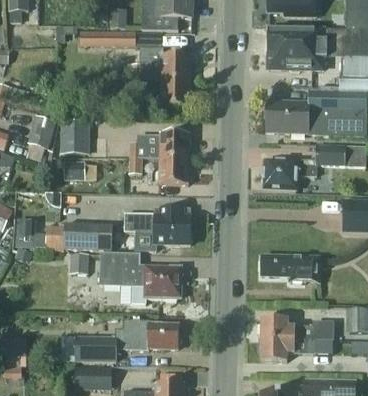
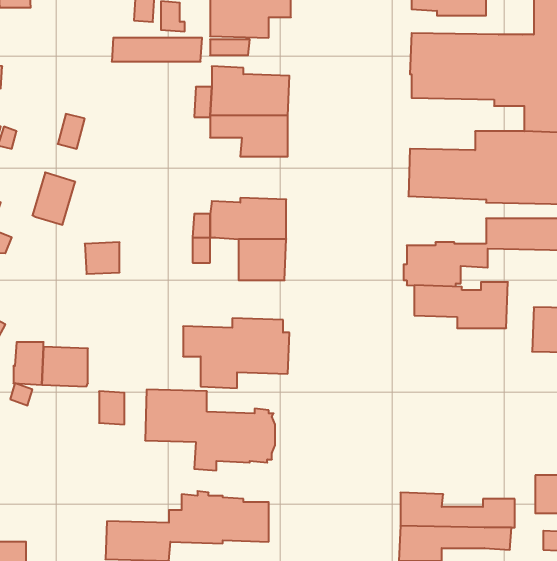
building: [60,121,84,153] -> none
building: [63,223,111,250] -> none
building: [260,253,319,282] -> [414,282,508,328]

